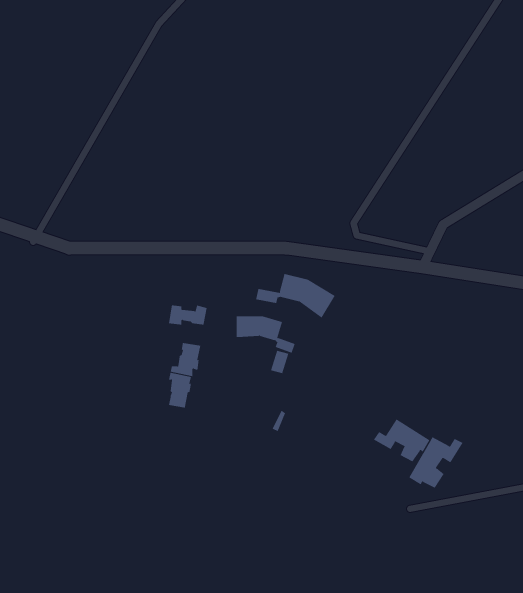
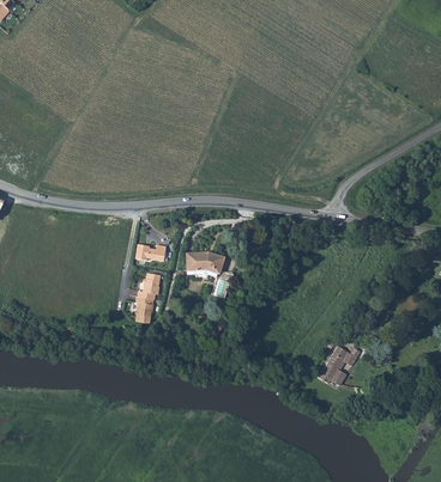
building: [255,273,335,318] -> none
building: [373,419,430,462] -> none

